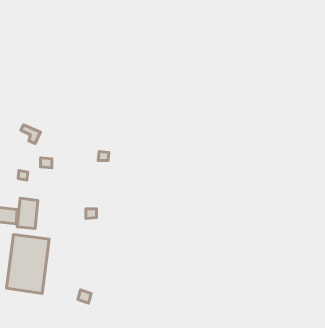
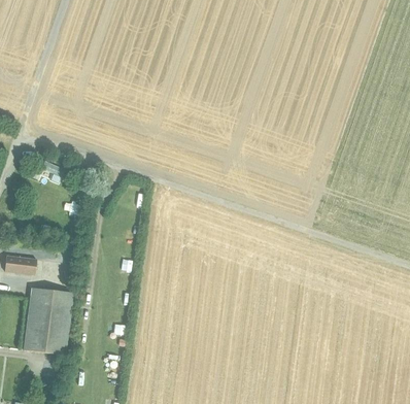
building: [17,198,38,228] -> none

